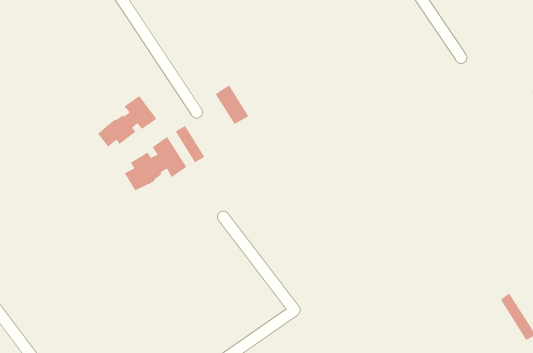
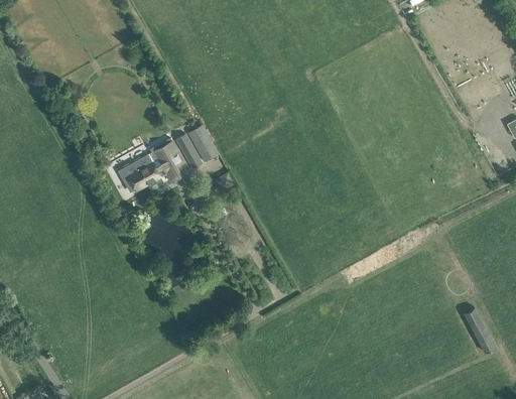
building: [215,85,249,125] -> [186,124,217,161]
building: [97,95,157,148] -> none

